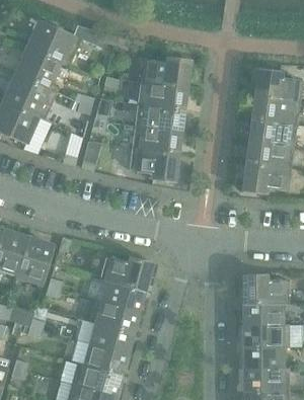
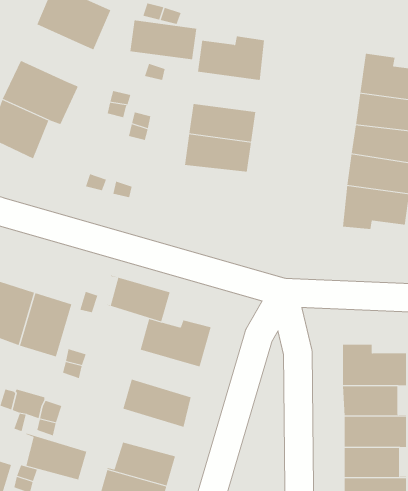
building: [16,49,61,89] -> none
building: [138,82,185,110] -> [130,20,197,60]
building: [130,148,176,182] -> none
building: [94,278,143,312] -> [102,275,171,322]
building: [88,320,132,353] -> [26,433,87,480]

